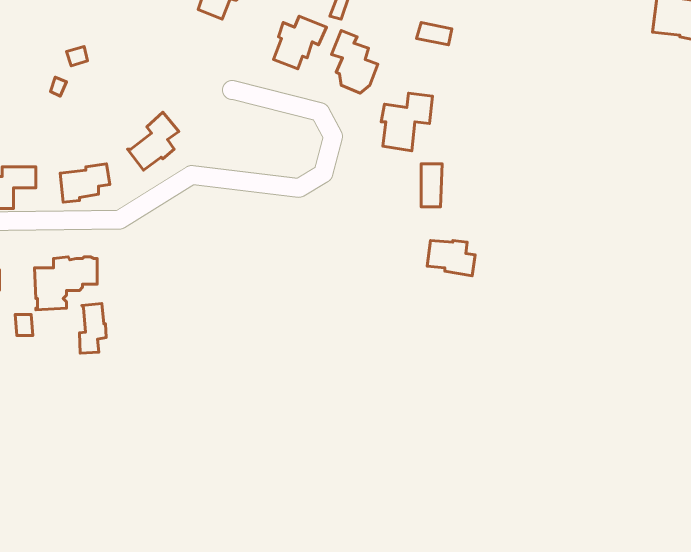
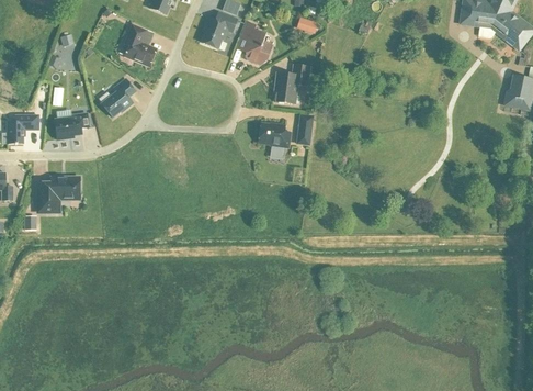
building: none -> [125,23,157,65]
building: [427,241,475,276] -> [258,123,291,147]
building: [80,304,106,353] -> none

